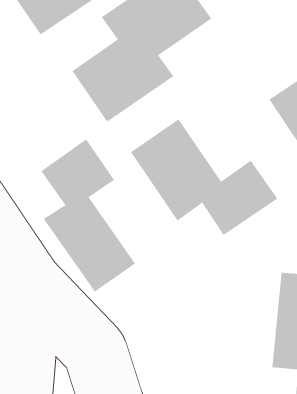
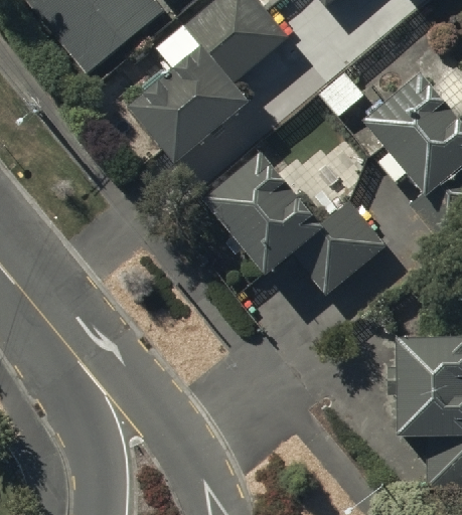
building: [40,138,136,292] -> none

